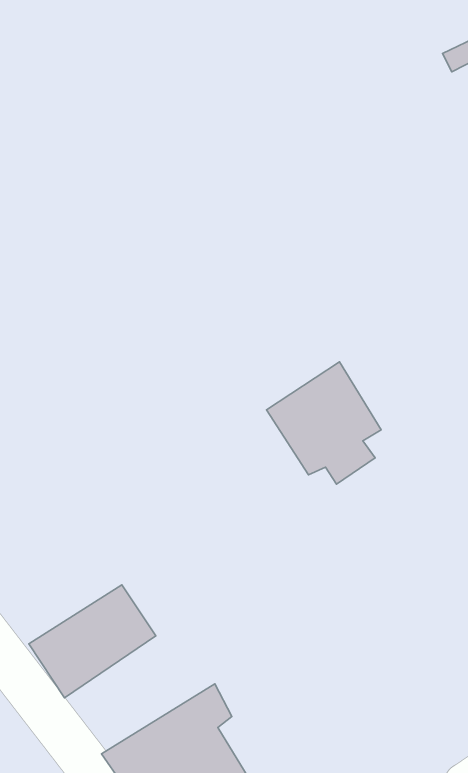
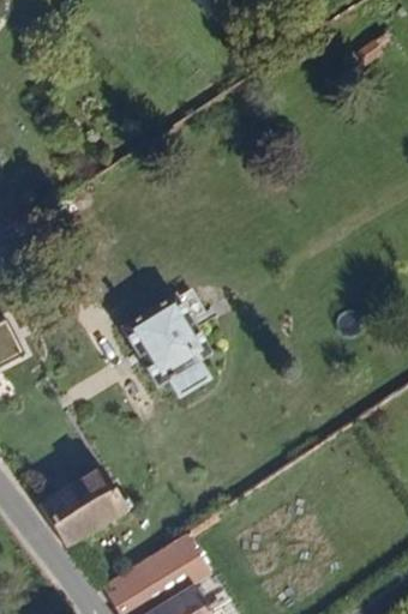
building: [267,362,381,484] -> [115,303,204,398]

